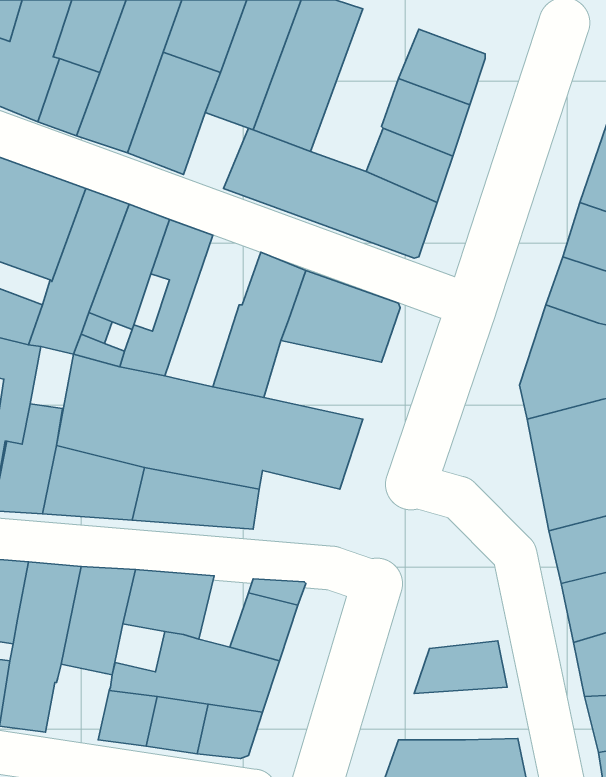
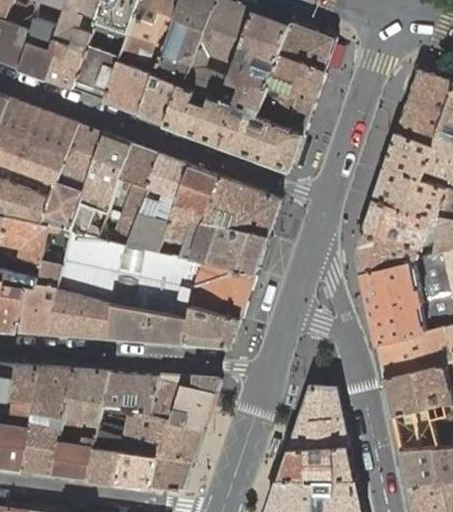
building: none -> [222,8,292,113]
building: none -> [140,75,182,124]
building: none -> [128,154,190,252]
building: none -> [192,222,268,273]
building: none -> [185,306,241,347]
building: none -> [150,374,185,420]
building: none -> [299,385,343,421]
building: none -> [51,437,94,480]
building: none -> [279,446,356,480]

